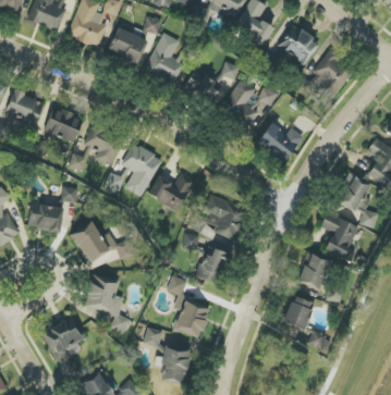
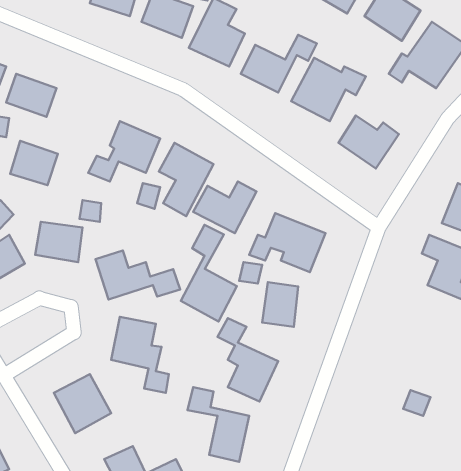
building: [46,108,82,141] -> [10,141,58,185]
building: none -> [181,225,237,321]
building: [297,252,330,288] -> none
building: [282,295,315,331] -> none

